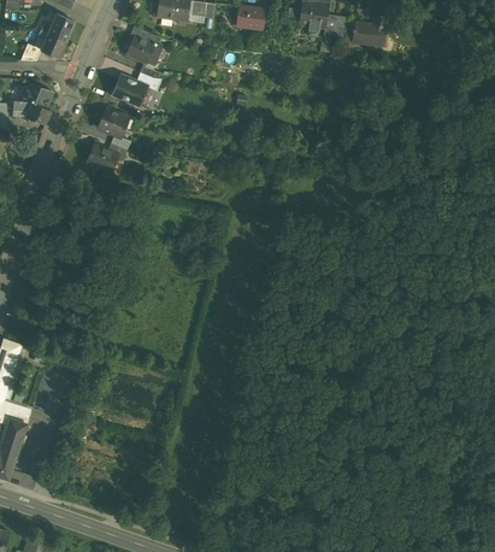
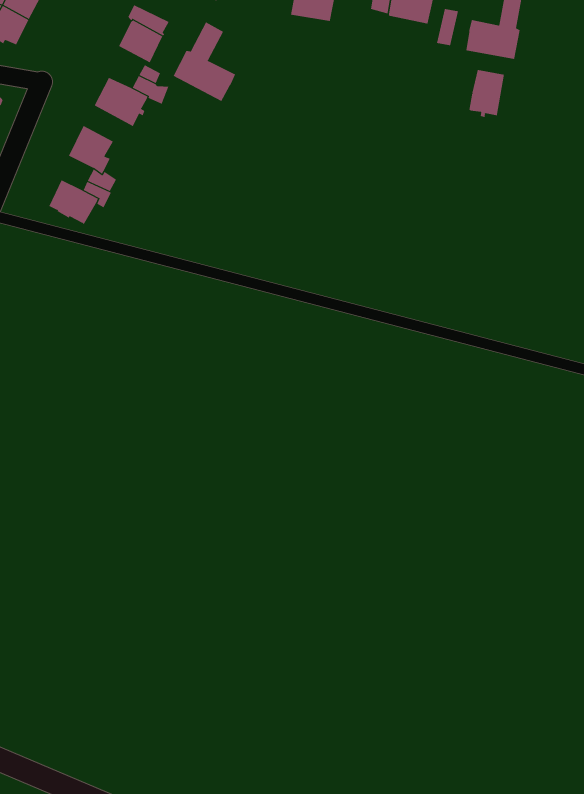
building: none -> [173,22,236,102]
building: none -> [469,69,504,118]

